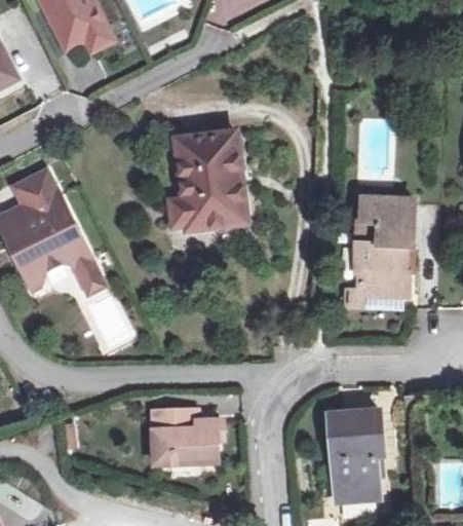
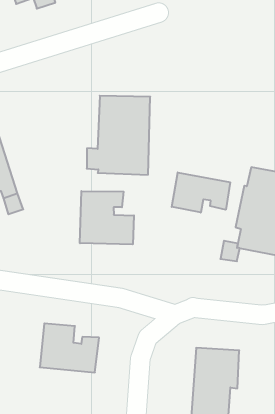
building: none -> [172,172,230,213]
building: none -> [80,191,134,244]

